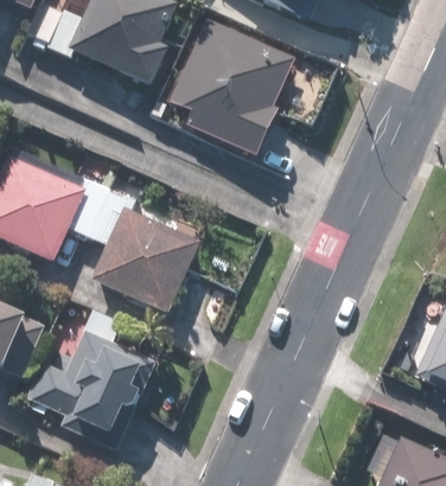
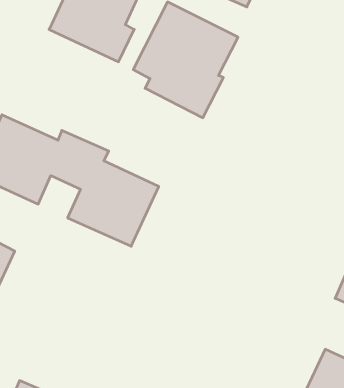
building: [34,328,154,447] -> none

